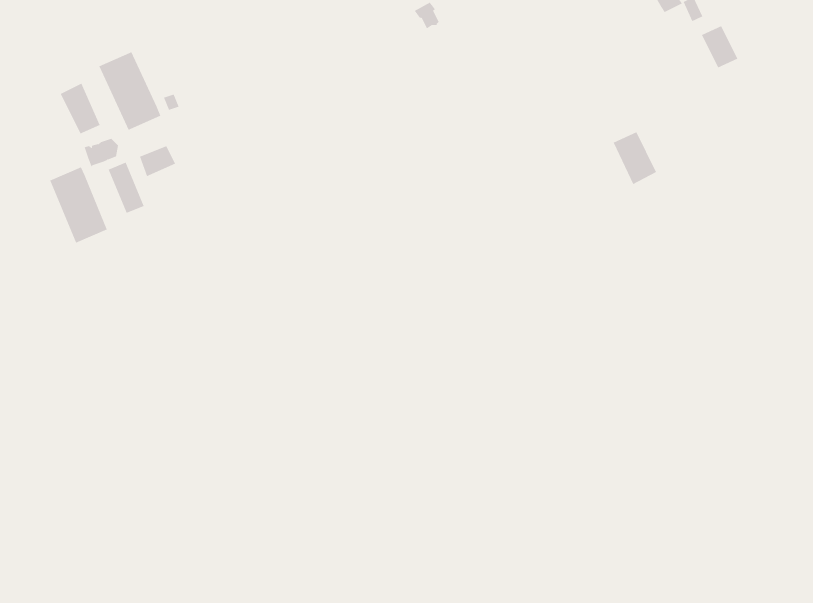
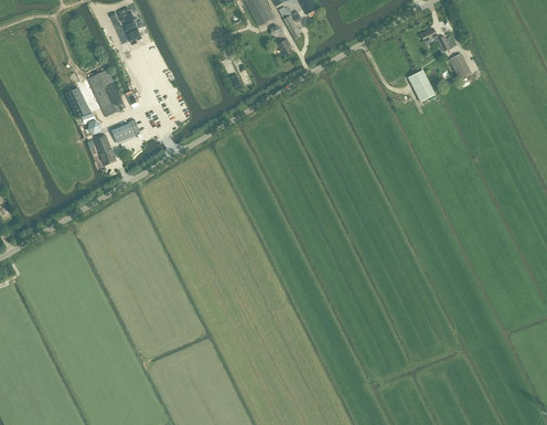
building: [613,131,657,185] -> [408,70,435,102]
building: [49,166,108,243] -> none

